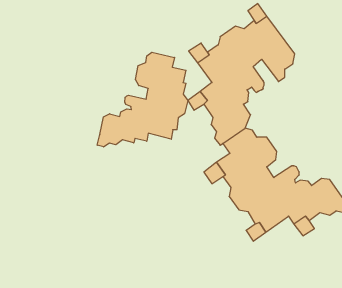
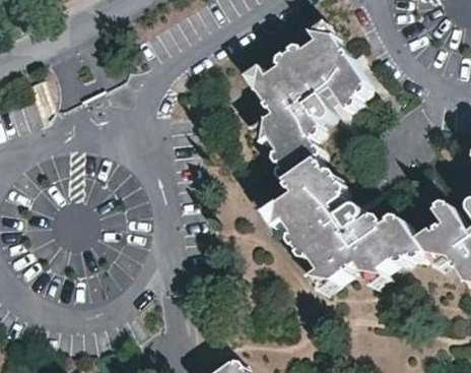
building: [97,52,188,147] -> none

